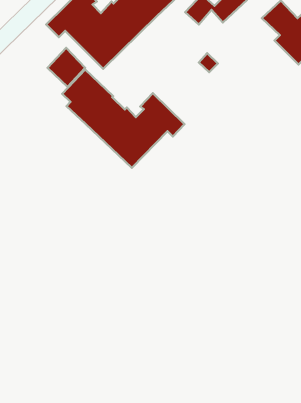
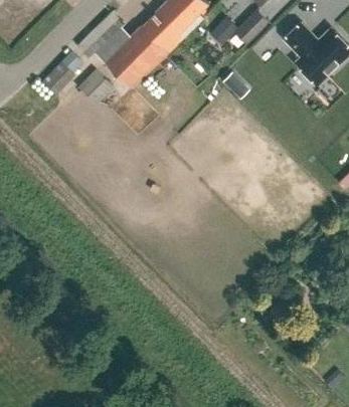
building: none -> [43,50,84,94]
building: [62,70,185,168] -> none

